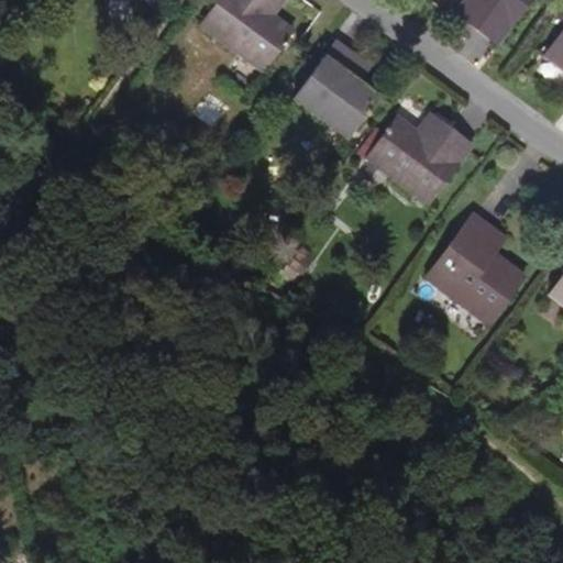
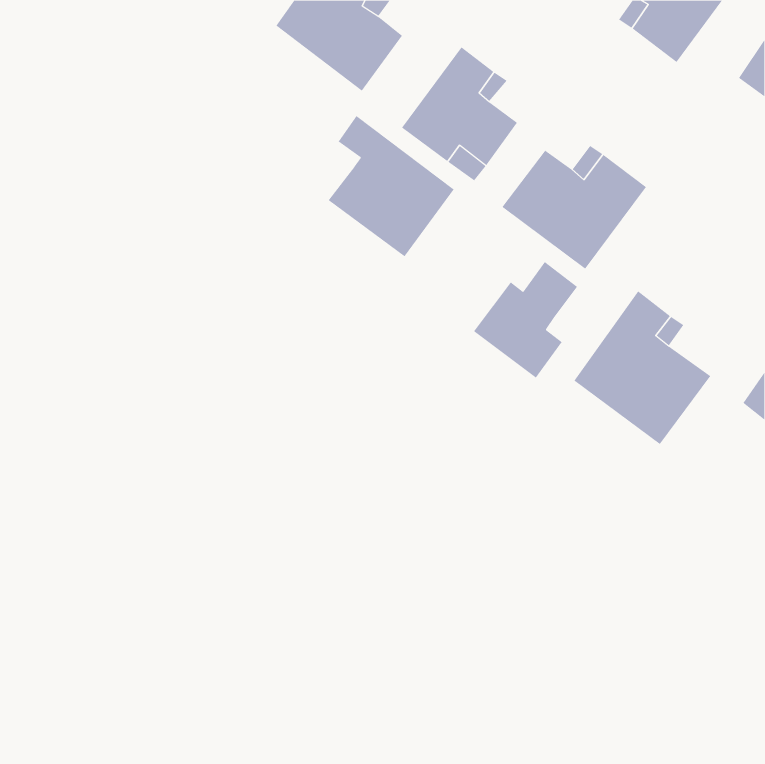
building: none -> [328,115,455,257]
building: none -> [473,261,578,378]

